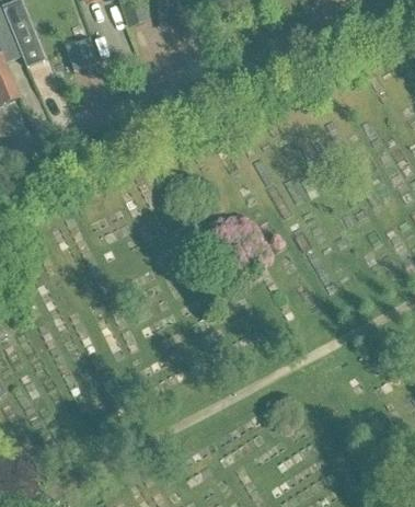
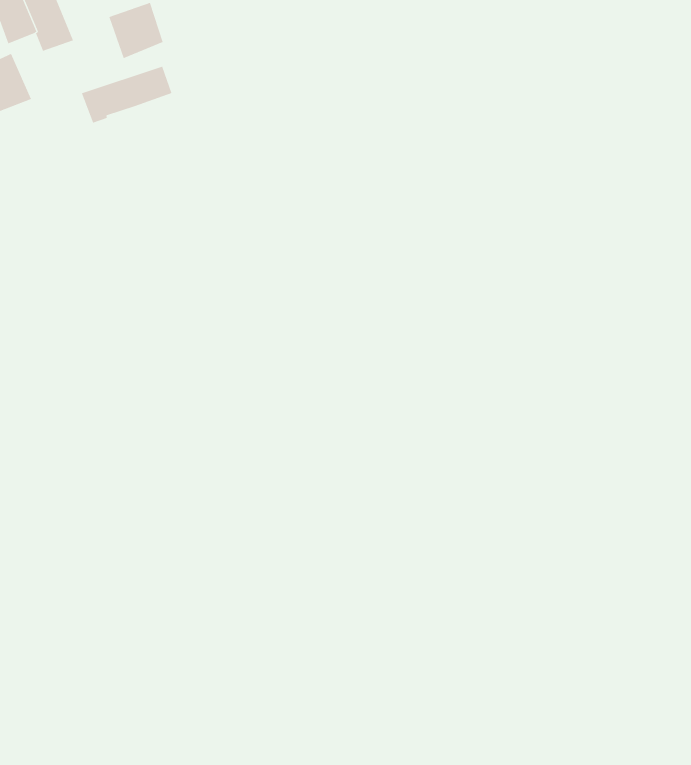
building: none -> [81,66,172,123]

